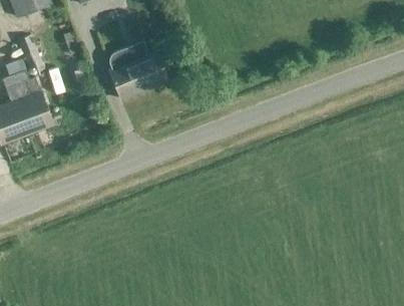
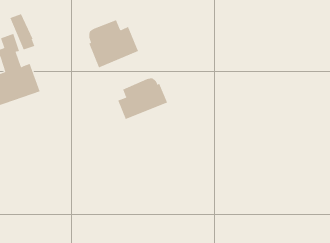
building: none -> [118,78,168,120]

